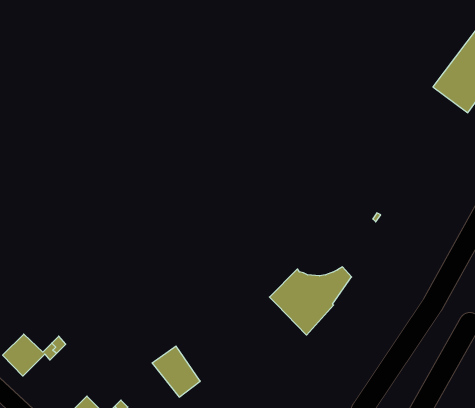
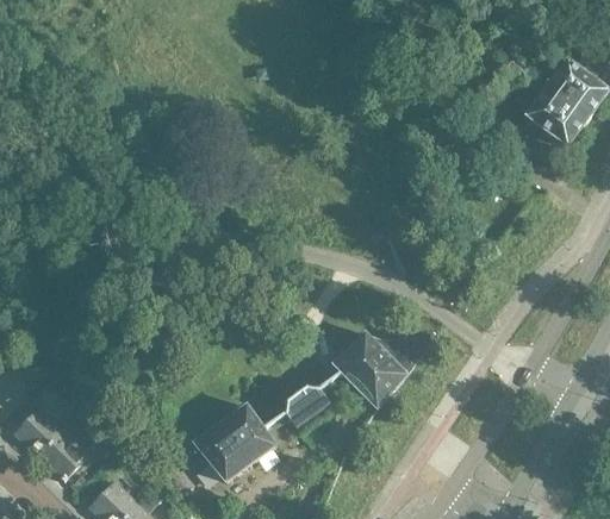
building: none -> [284,387,329,429]
building: none -> [220,405,275,464]
building: none -> [38,432,87,482]

